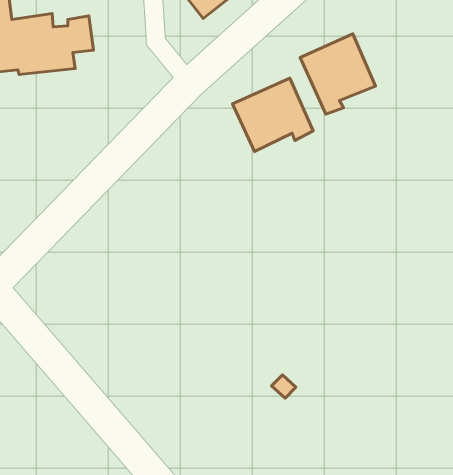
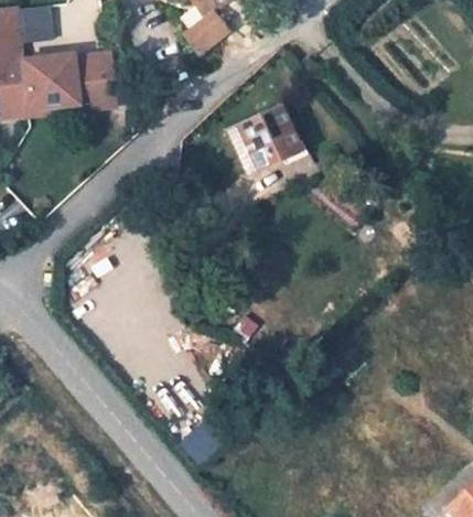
building: [300,34,375,114] -> none

